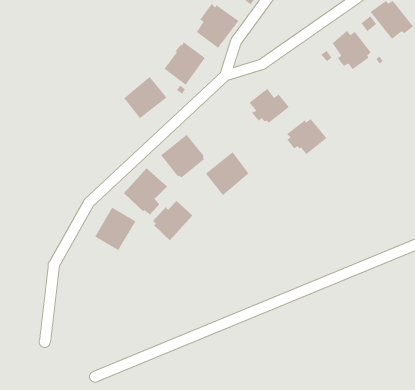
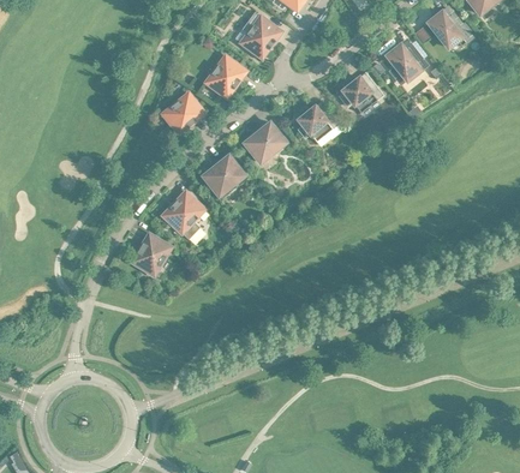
building: [286,118,328,155] -> [339,72,383,112]
building: [205,151,250,196] -> [240,118,288,166]
building: [152,200,193,241] -> none

